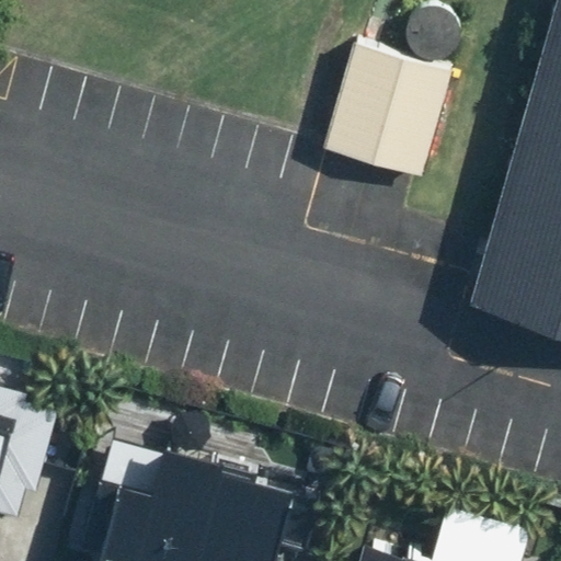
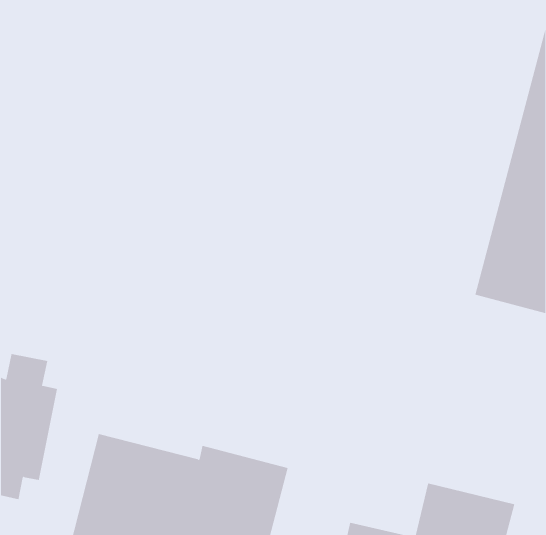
building: [323,49,453,174] -> none

